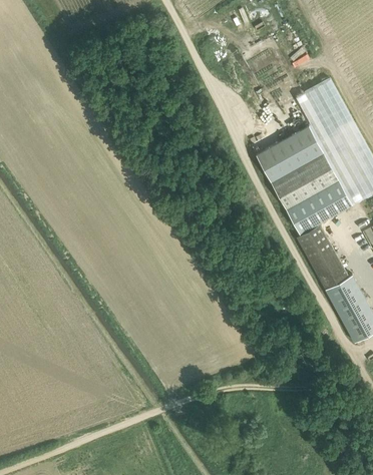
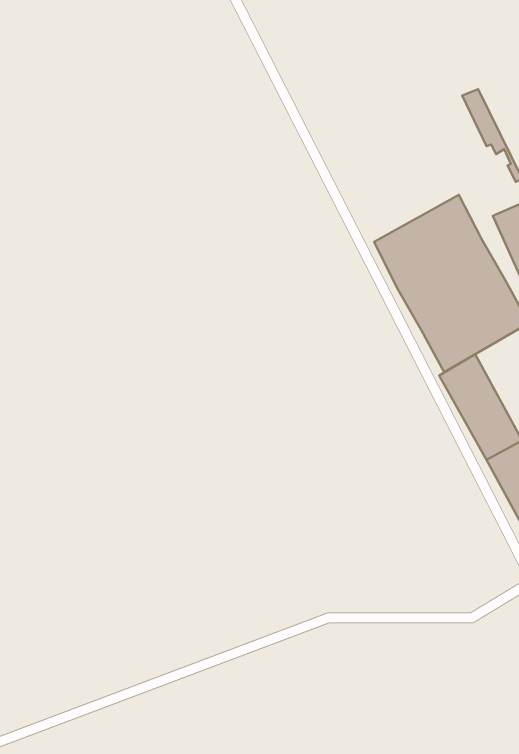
building: [294,67,335,131] -> none

